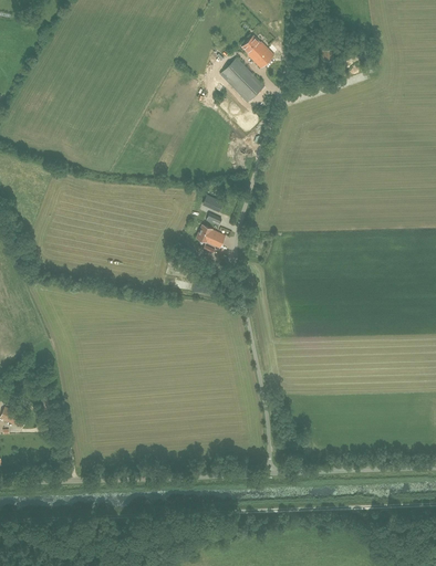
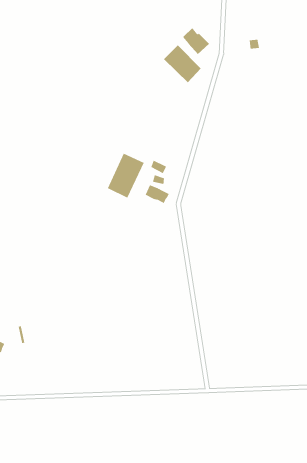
building: none -> [107,153,145,199]

